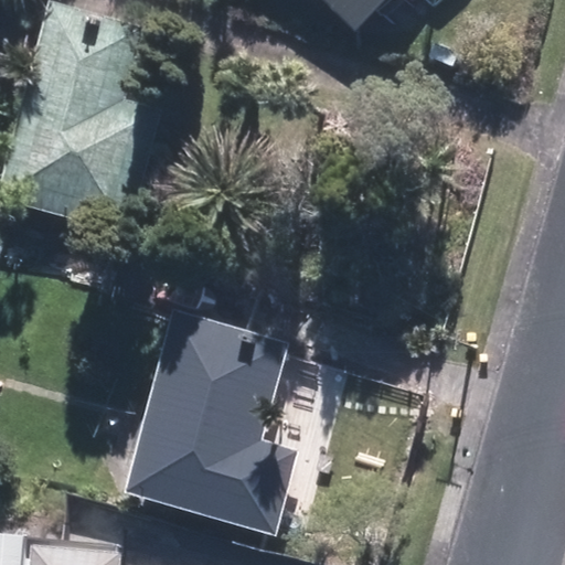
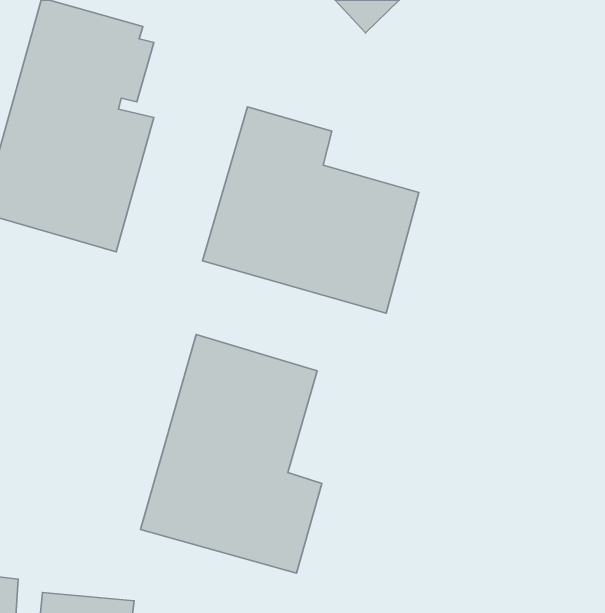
building: none -> [203,107,419,313]

